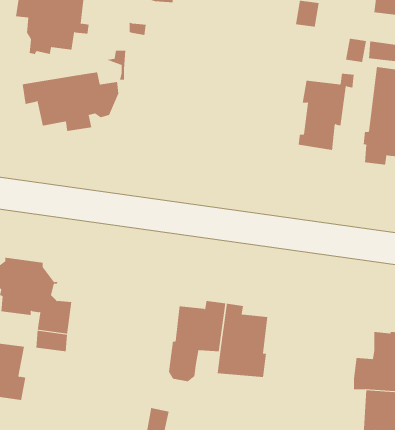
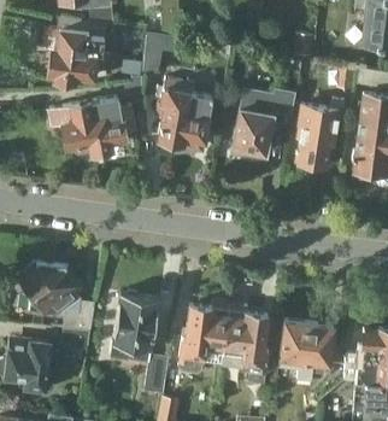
building: none -> [157,81,212,151]
building: none -> [231,89,294,158]
building: none -> [111,292,170,394]
building: none -> [278,321,335,384]

